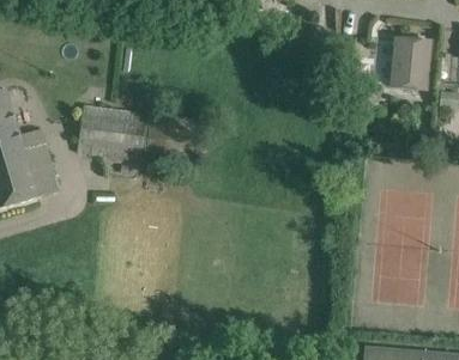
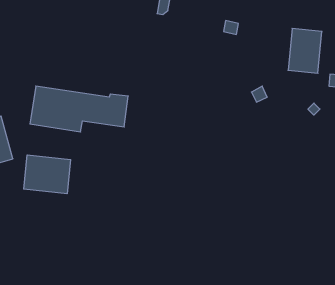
building: none -> [24,155,71,194]

